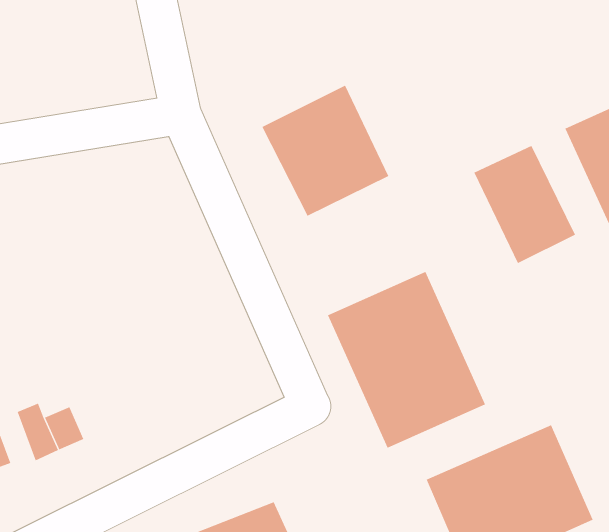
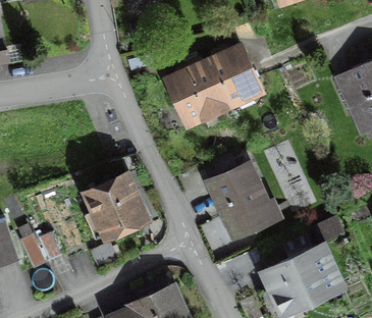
building: [474,145,576,264] -> [208,37,265,103]
building: none -> [74,169,149,247]

